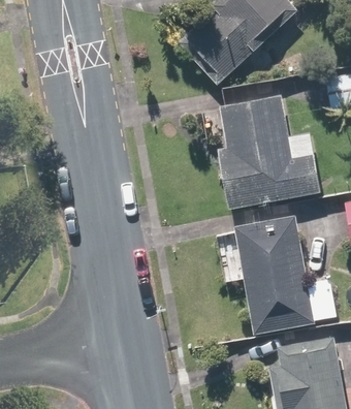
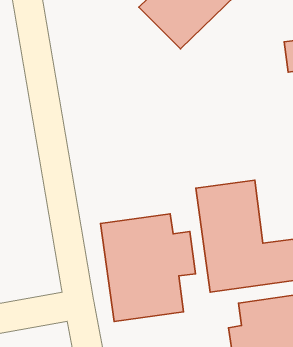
building: [218,94,322,209] -> none
building: none -> [101,214,196,321]

